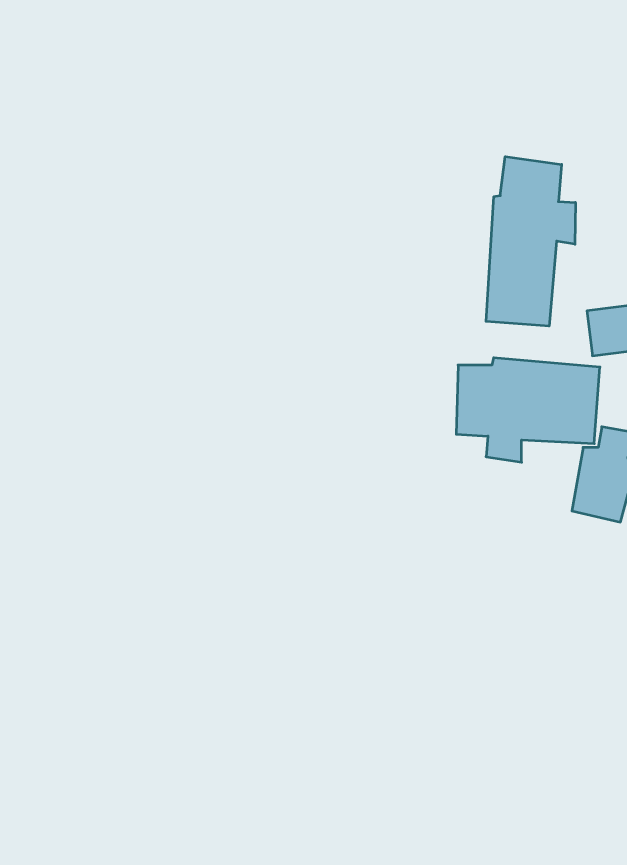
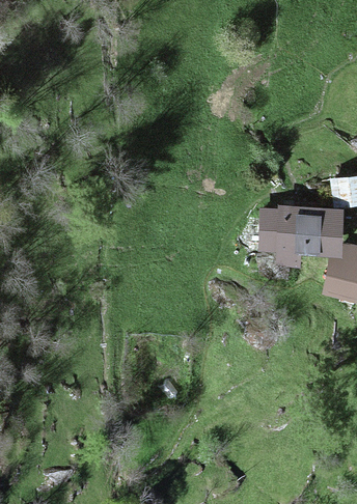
building: [486,157,575,326] -> none

